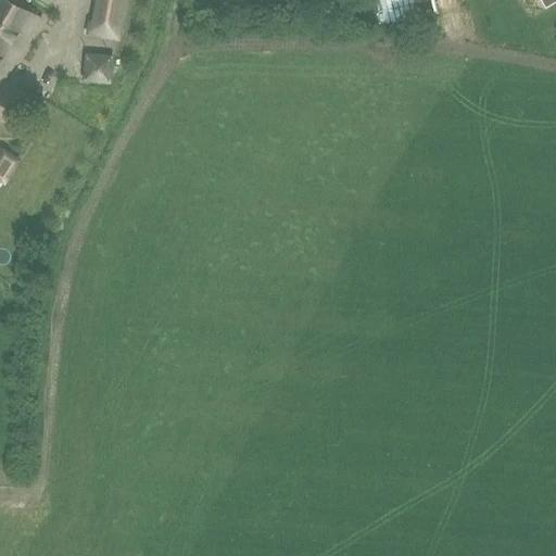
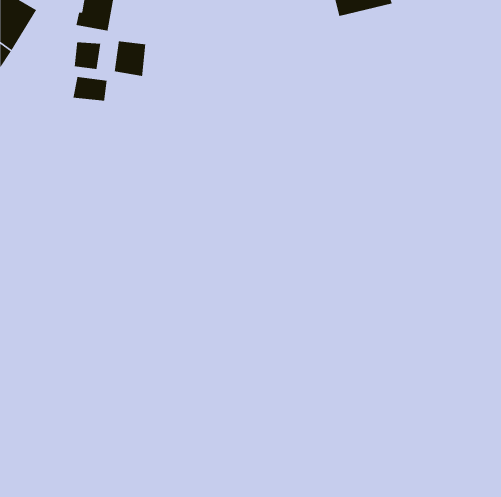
building: none -> [114,40,146,77]
building: none -> [73,76,108,102]

